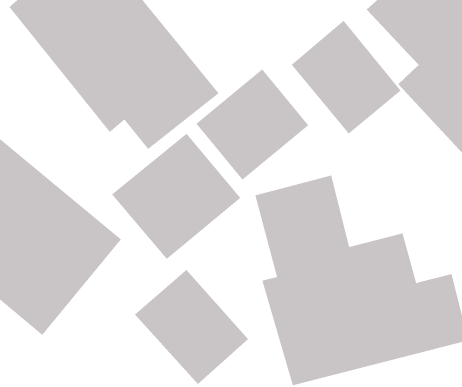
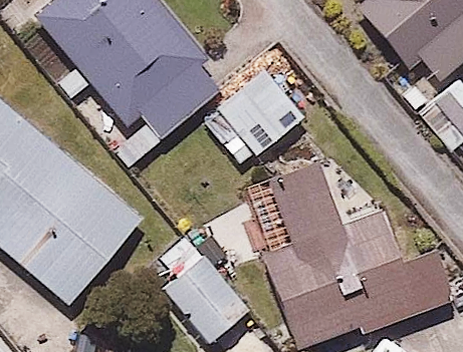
building: [291,20,402,134] -> none
building: [111,133,241,260] -> none

